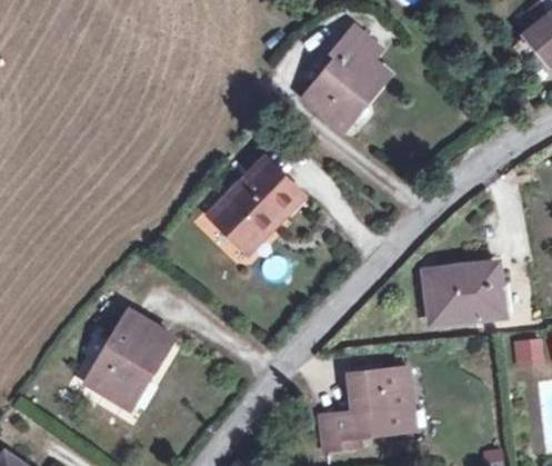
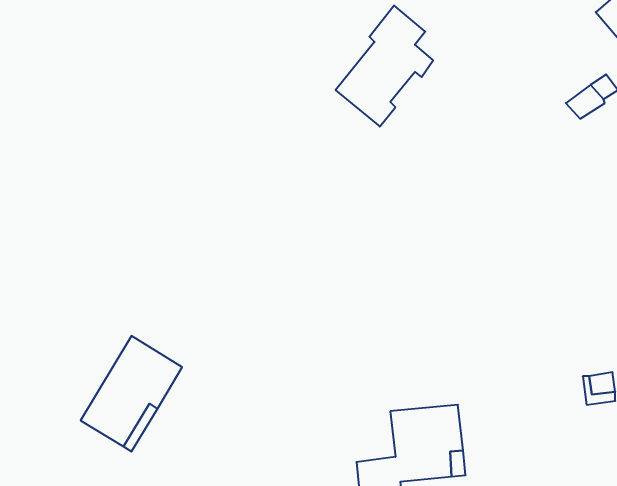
building: [210,157,302,247] -> none
building: [428,266,512,321] -> none

